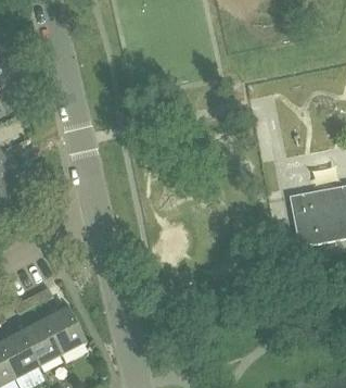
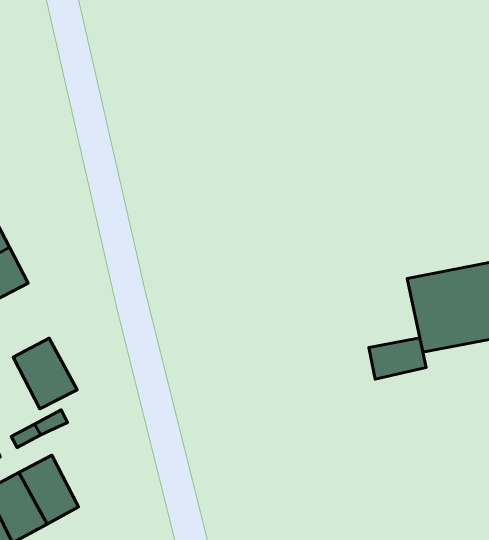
building: none -> [369,338,426,379]
building: [41,305,86,354] -> [13,338,77,409]

